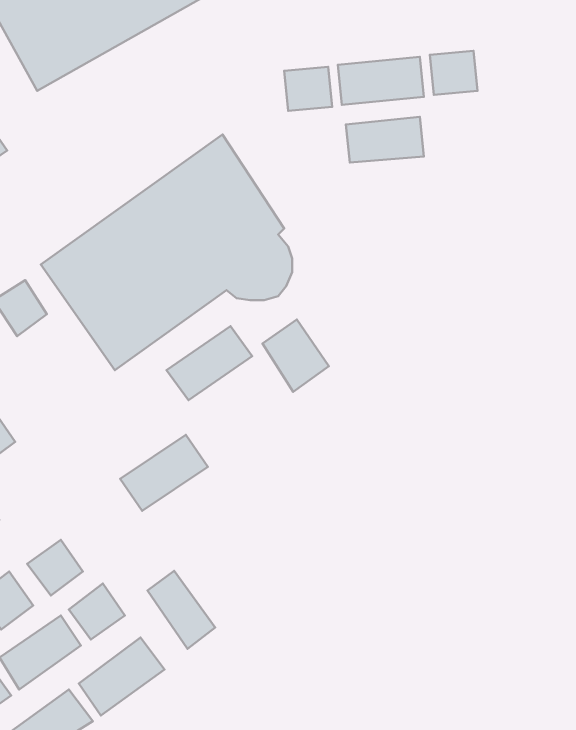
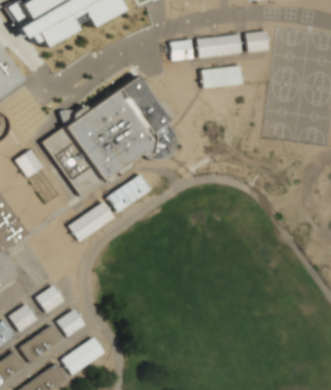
building: [262,319,329,392] -> none
building: [120,435,208,511] -> [66,202,112,241]
building: [147,571,215,649] -> none

